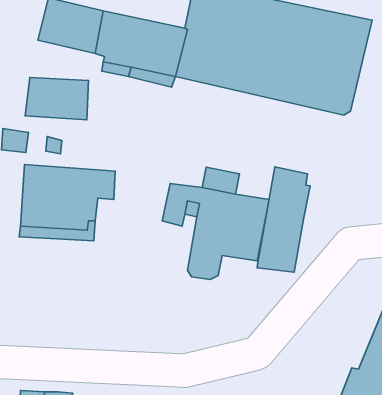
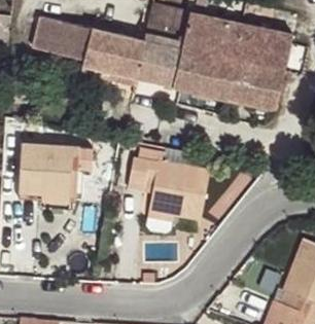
building: [25,77,89,120] -> none
building: [257,167,310,272] -> none

